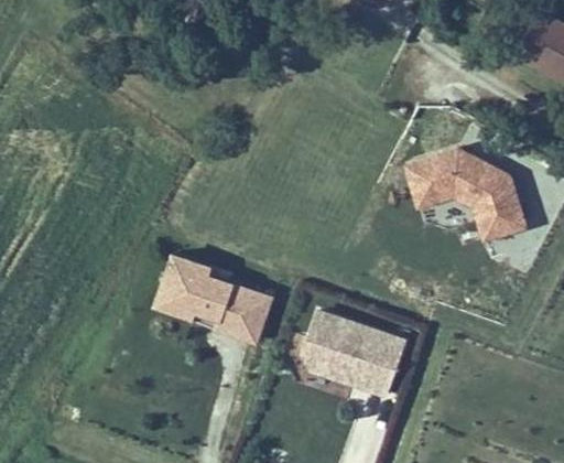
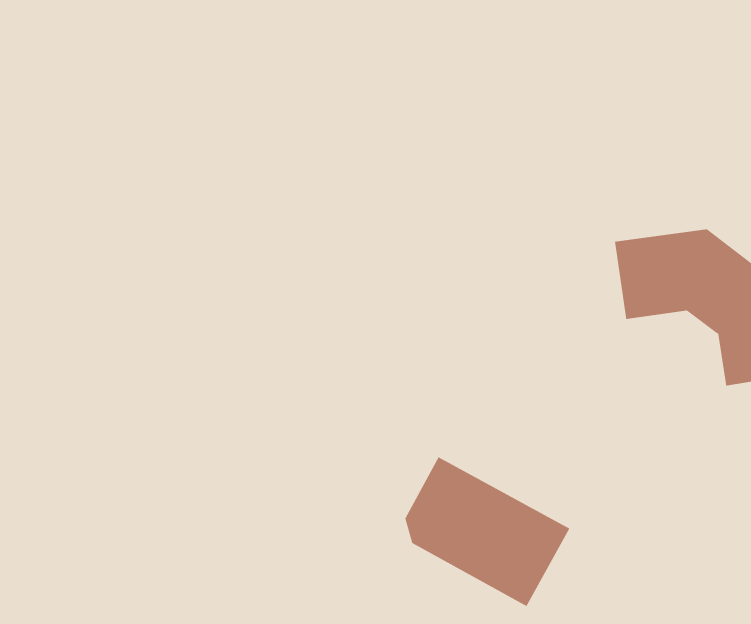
building: [154,251,274,344] -> none

